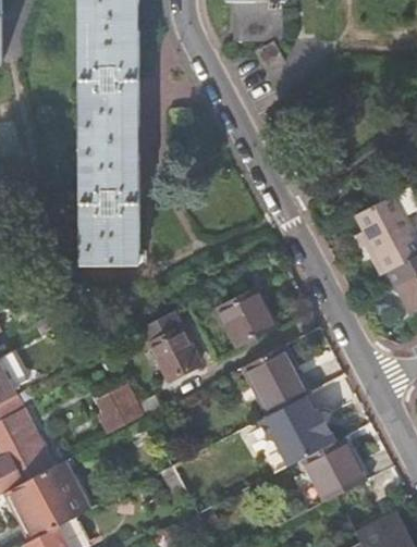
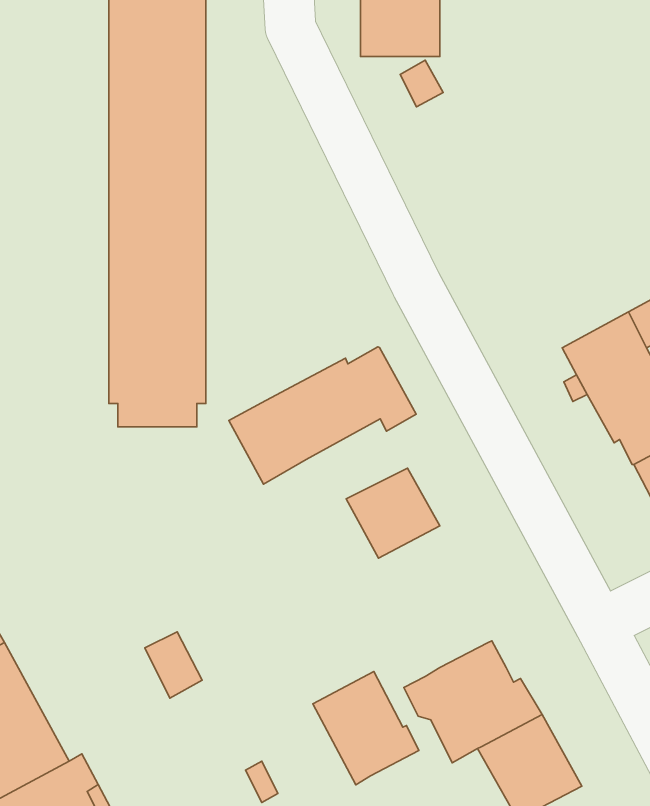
building: none -> [229,347,416,484]
building: [155,326,204,378] -> none
building: [244,346,308,414] -> [313,671,419,785]

